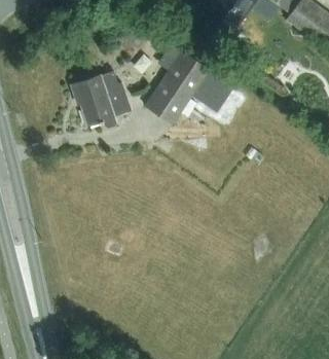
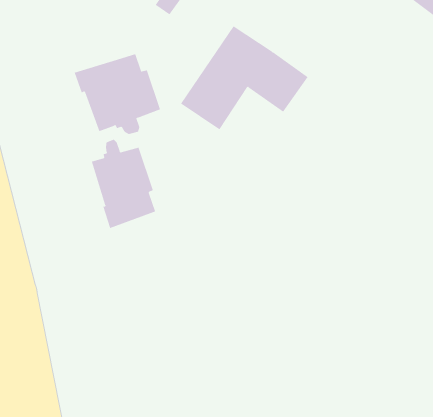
building: none -> [91,139,156,229]

